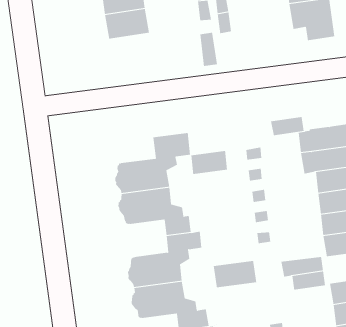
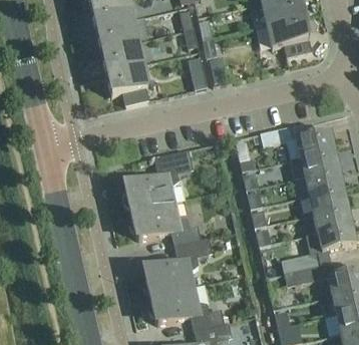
building: none -> [106,63,148,105]
building: [191,150,228,175] -> none
building: [213,260,257,288] -> none

